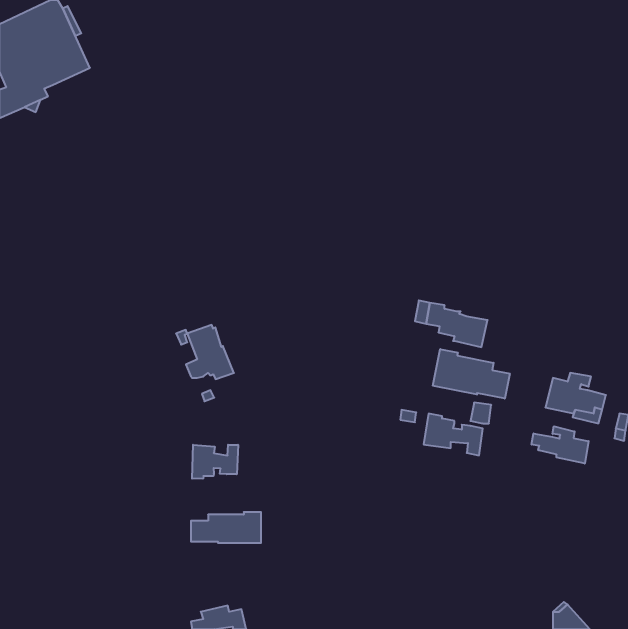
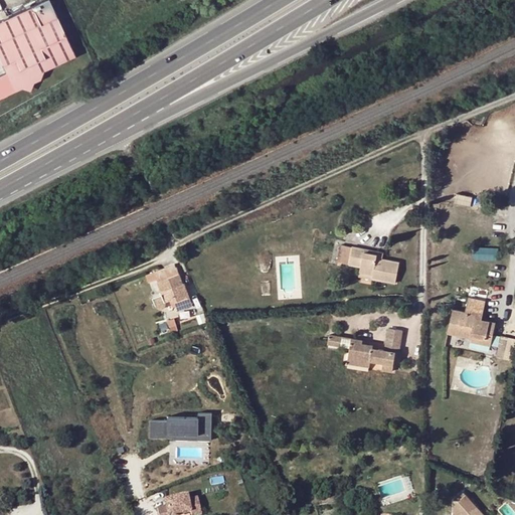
building: [433,349,510,399] -> none
building: [532,426,589,464] -> none
building: [192,445,238,479] -> none

